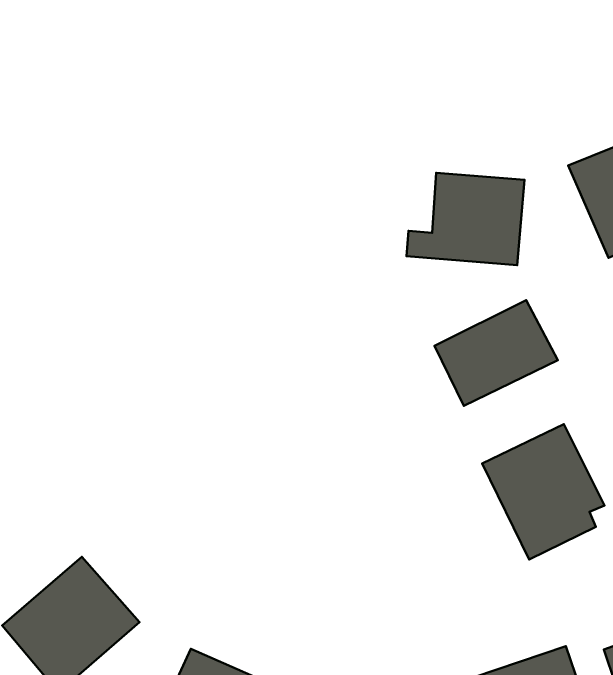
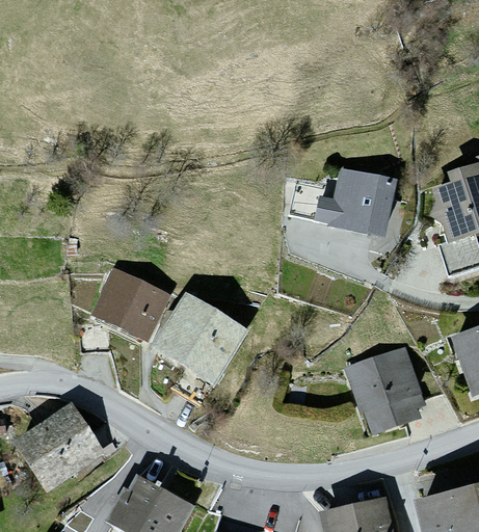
building: [435,300,558,406] -> none
building: none -> [90,268,170,344]
building: none -> [152,294,246,389]

